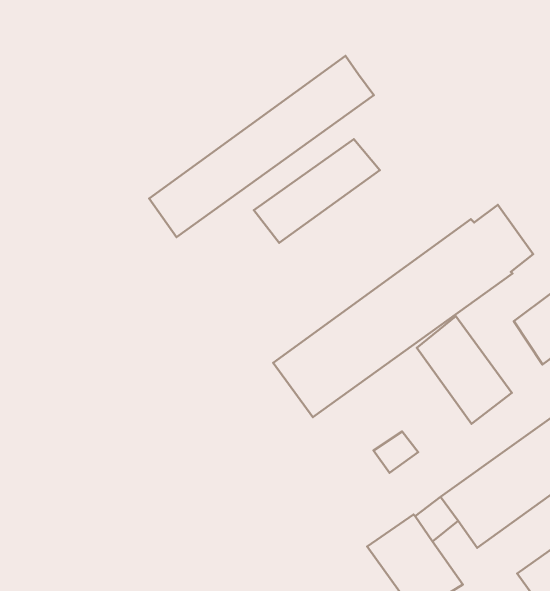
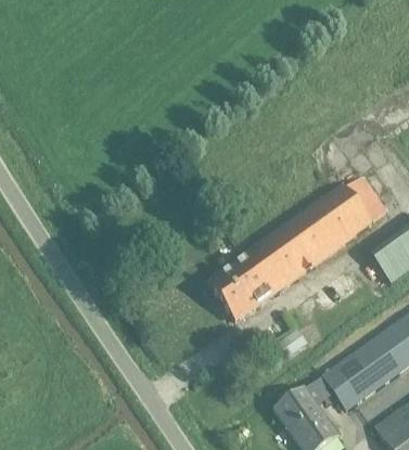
building: [149,56,374,237] -> none
building: [254,139,380,243] -> none
building: [417,316,512,424] -> none

